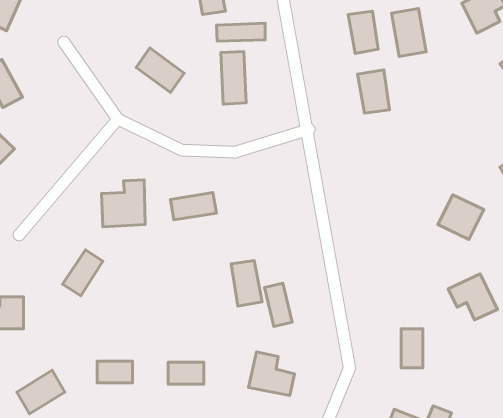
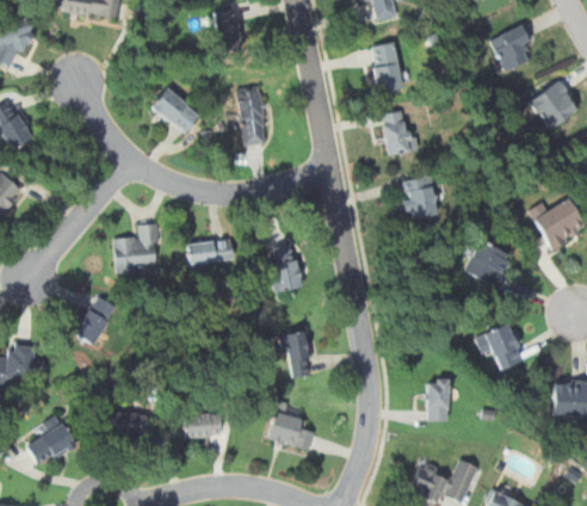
building: [391,8,426,57] -> none
building: [217,23,265,41] -> none
building: none -> [403,177,435,217]
building: [231,260,262,306] -> [270,242,302,290]

